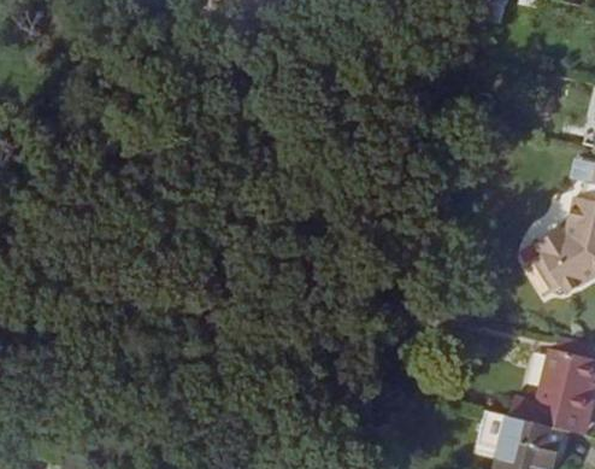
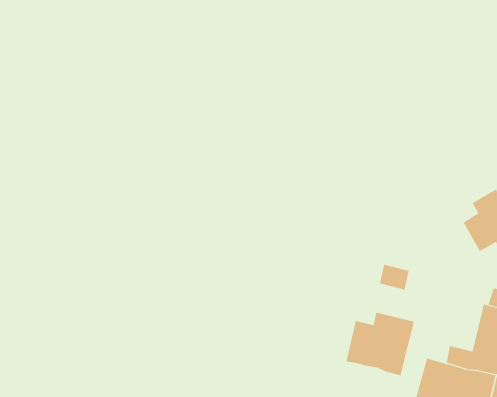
building: none -> [346,312,414,376]

